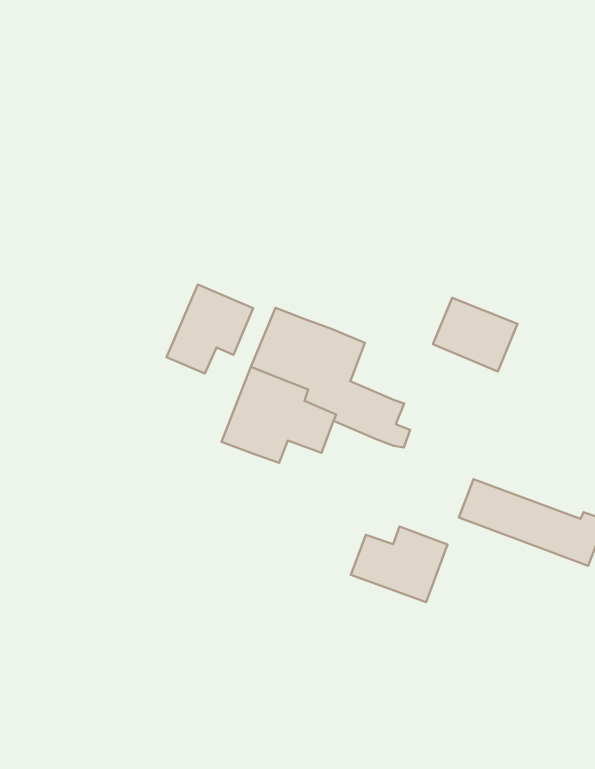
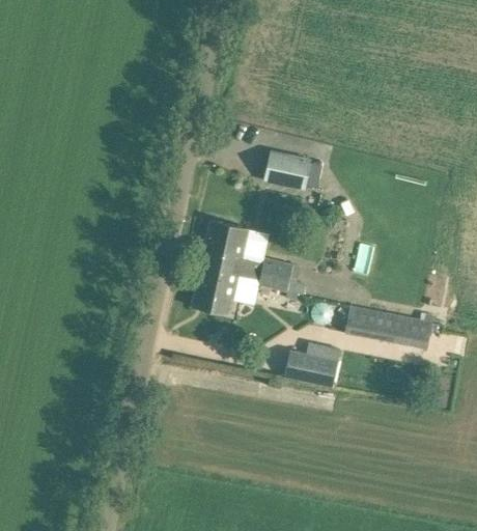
building: [166,284,253,373] -> none
building: [433,298,518,372] -> [263,150,313,191]

